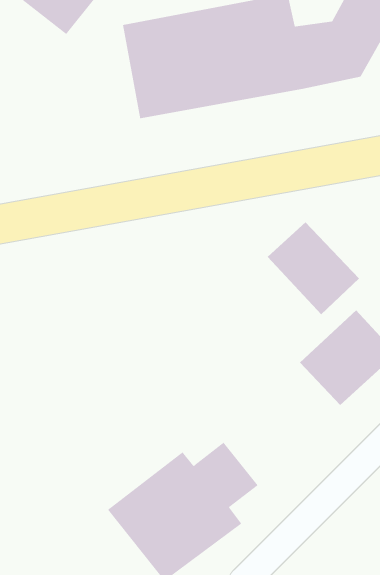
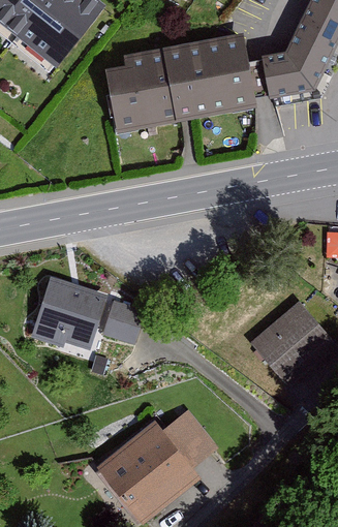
building: [267,221,360,315] -> none
building: none -> [34,275,148,347]

